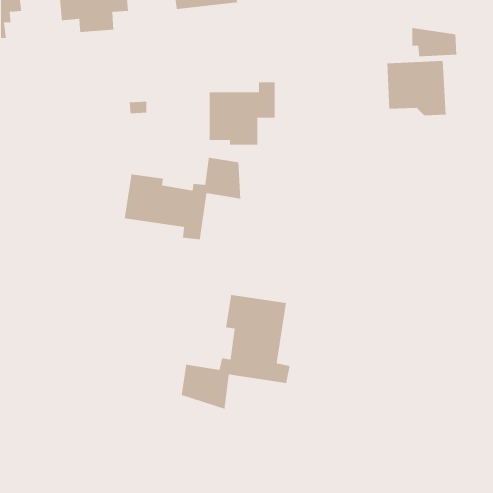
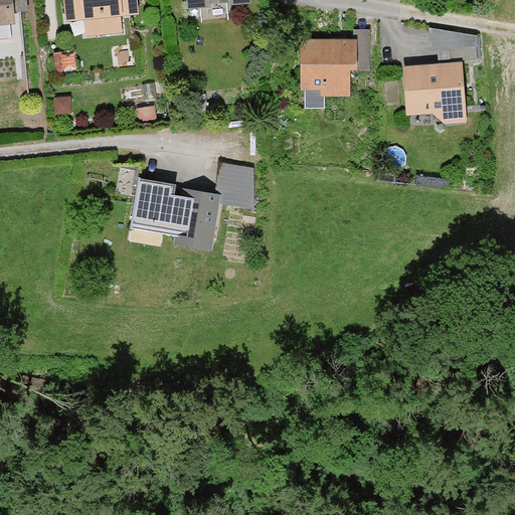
building: [209,82,276,146] -> [300,29,369,96]
building: [181,294,291,410] -> none

